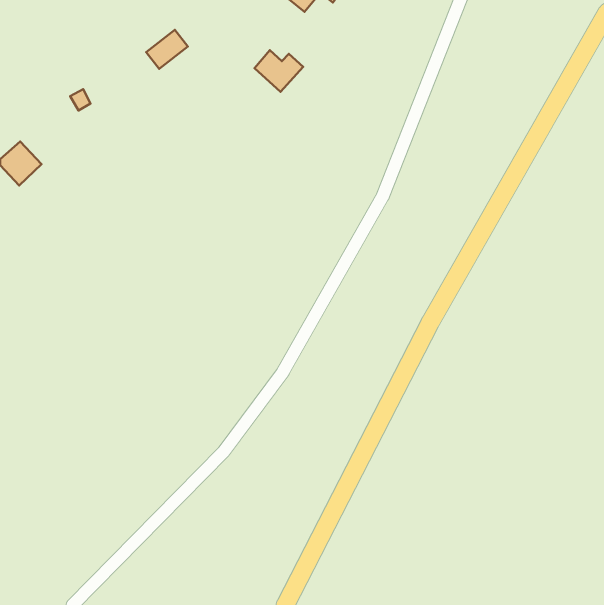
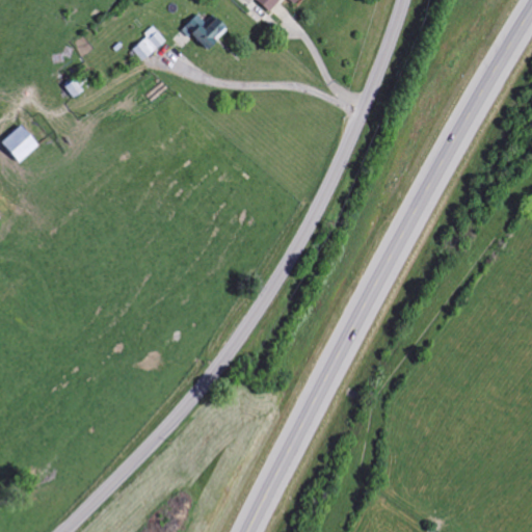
building: [254,50,303,92] -> [184,12,227,49]

